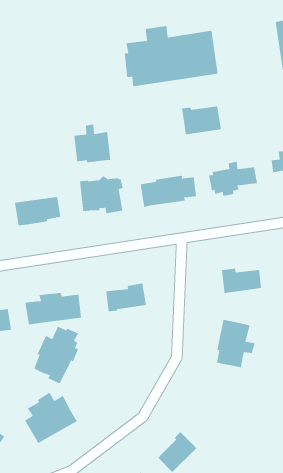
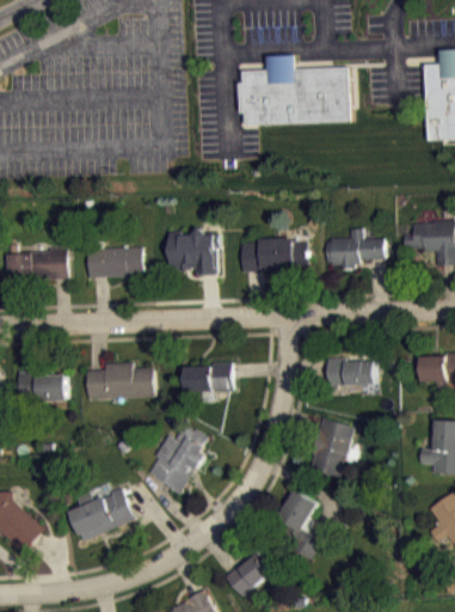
building: [181,106,222,135] -> none
building: [74,124,111,163] -> none
building: [34,326,79,384] -> [147,423,207,494]
building: none -> [276,489,319,559]

